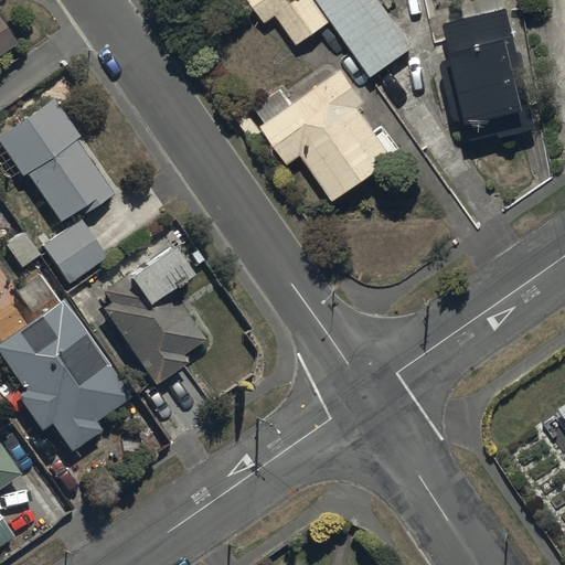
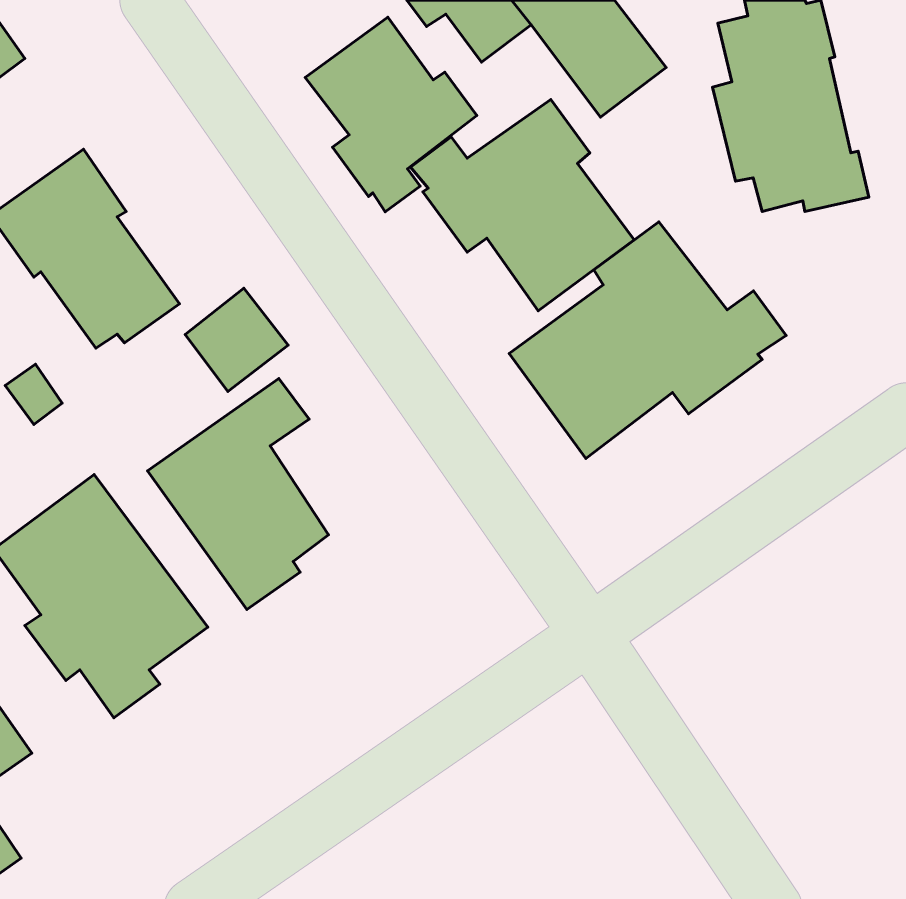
building: none -> [305,17,477,212]
building: none -> [509,222,786,459]
building: [43,221,107,285] -> [185,288,288,391]

